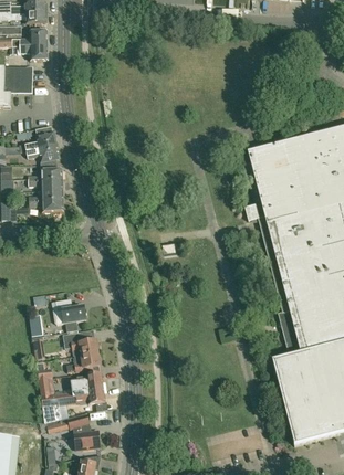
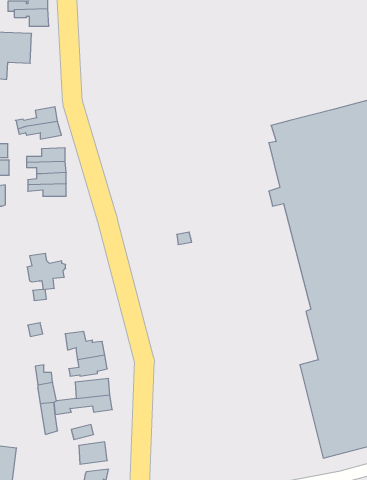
building: [53,297,87,329] -> [27,253,66,289]

